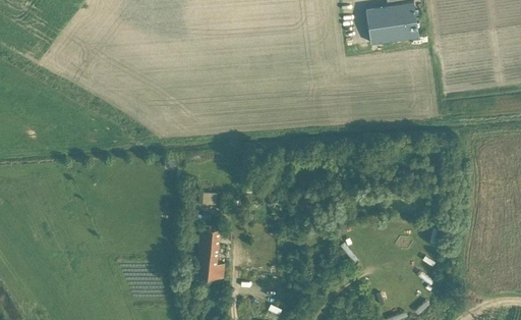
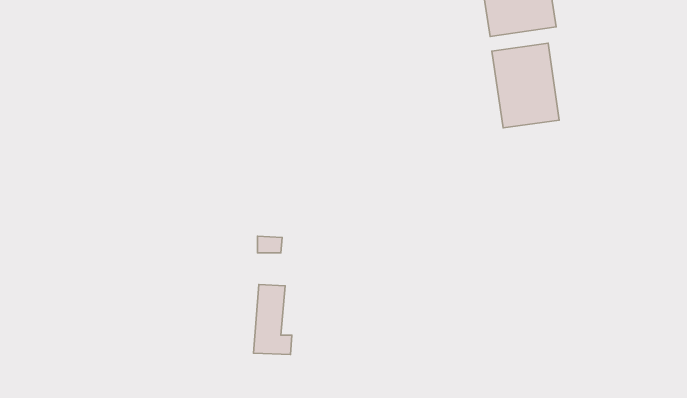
building: none -> [492,43,559,128]

